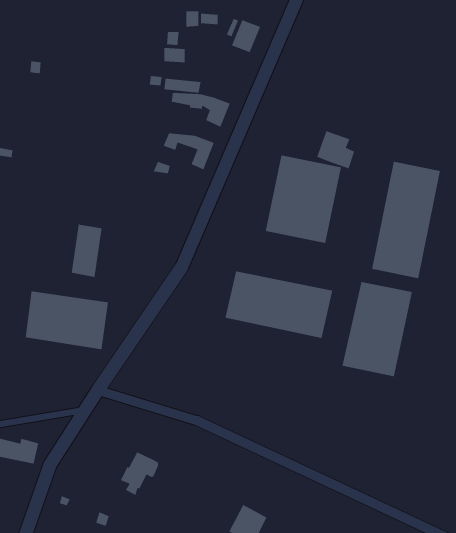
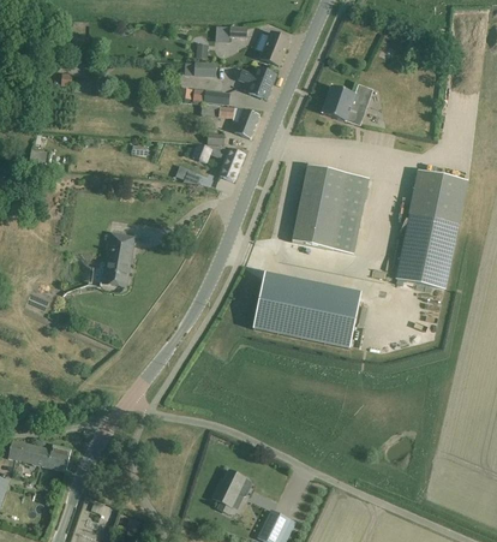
building: none -> [238,66,276,99]
building: [316,130,355,169] -> [322,85,360,124]
building: [341,281,413,377] -> none
building: [25,290,109,350] -> none
building: [120,451,159,496] -> [212,469,251,513]

